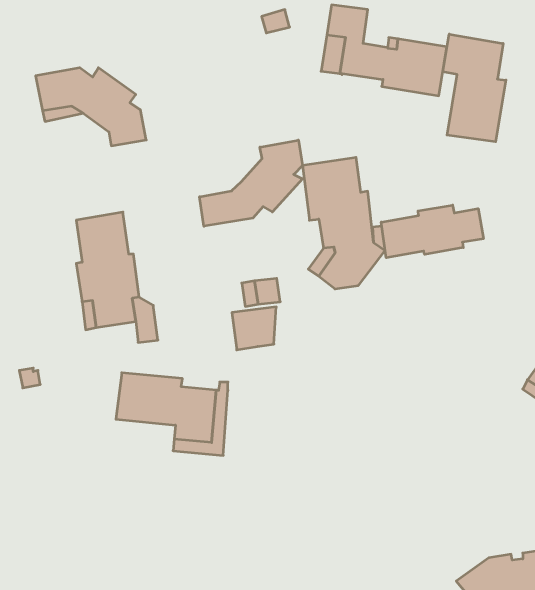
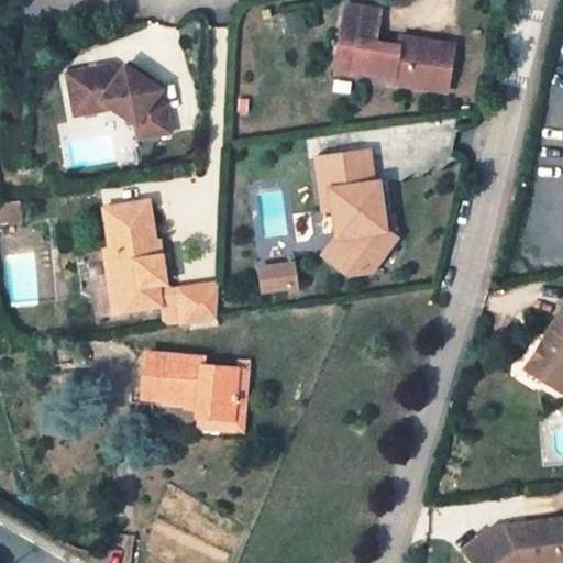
building: [443,34,506,142] -> none
building: [200,140,303,226] -> none
building: [381,205,483,258] -> none
building: [232,307,276,350] -> [177,284,219,324]

